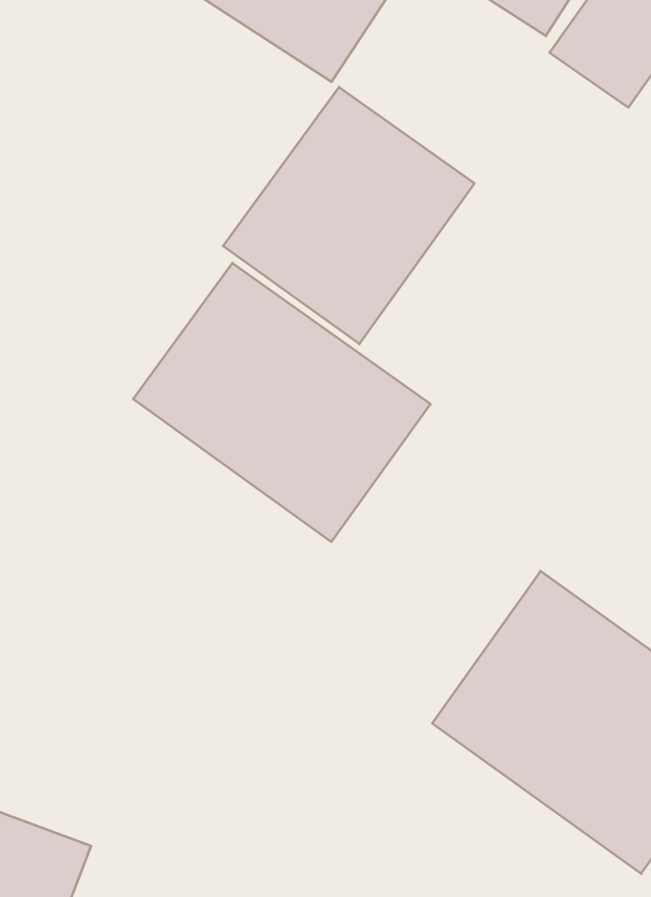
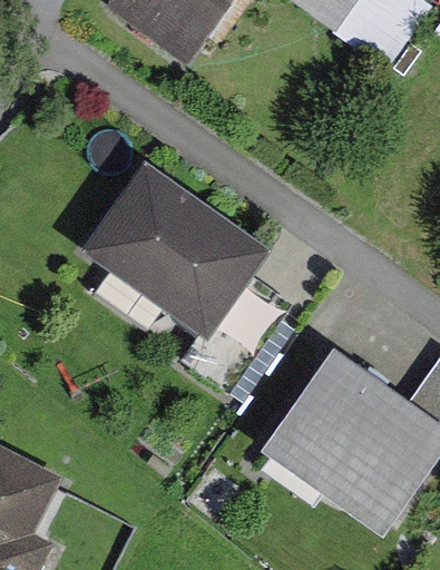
building: [223,87,474,344] -> none

